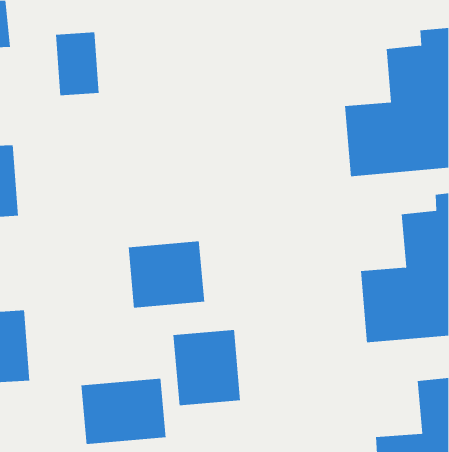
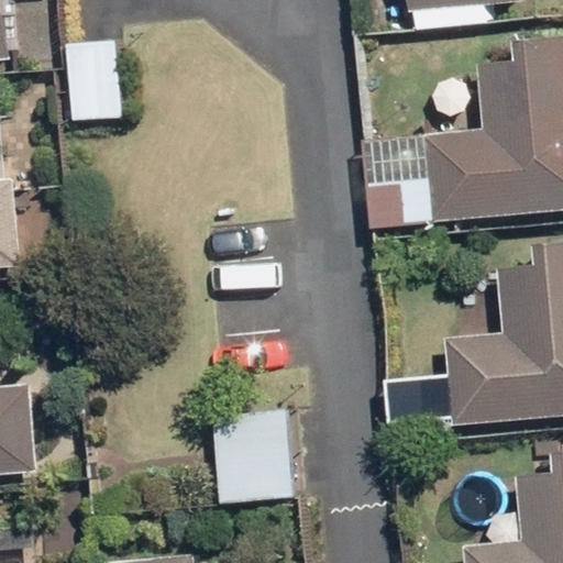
building: [128,241,205,309] -> none
building: [81,378,166,445] -> none

